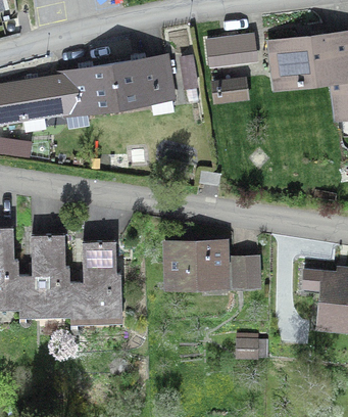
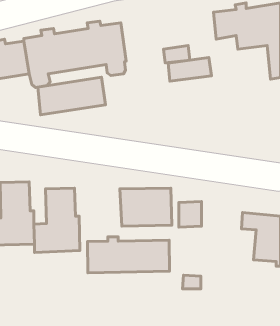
building: [207,36,256,62] -> [168,58,212,81]
building: none -> [38,77,105,115]
building: none -> [87,237,170,273]

